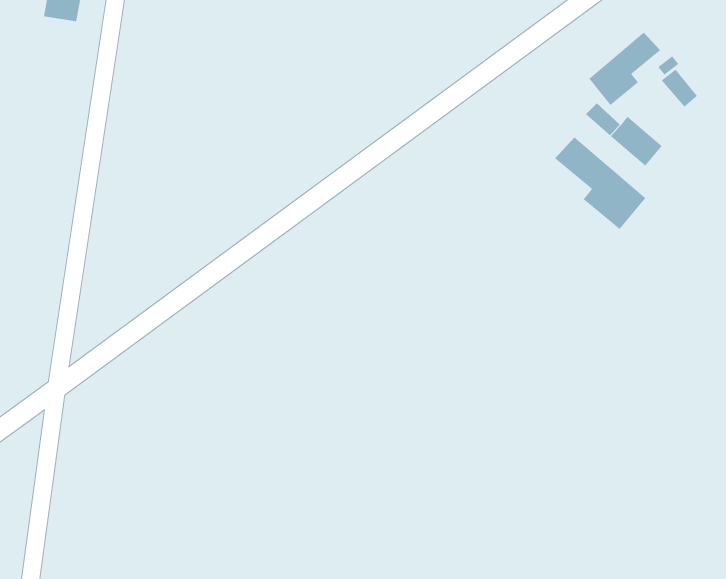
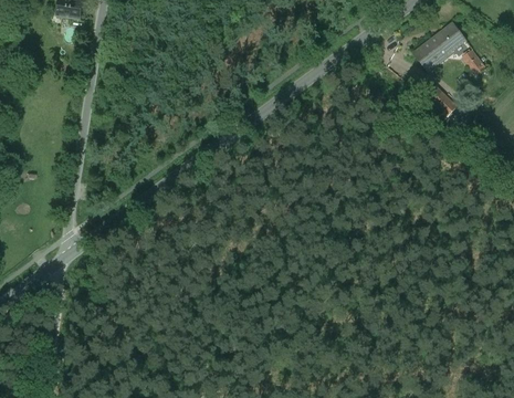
building: [554,137,646,230] -> none

